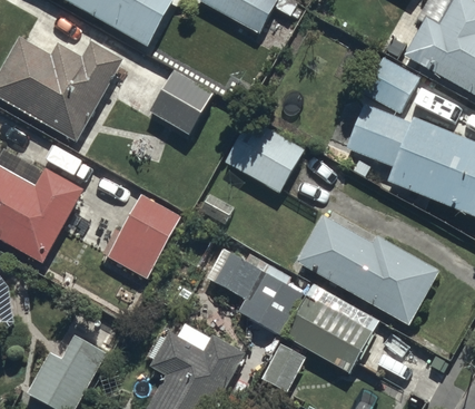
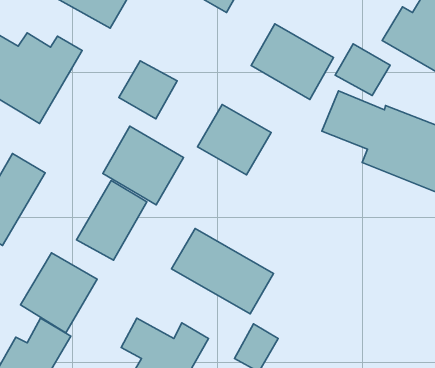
building: none -> [251,24,333,99]
building: none -> [103,126,183,205]
building: [304,216,436,319] -> none
building: none -> [21,253,97,333]
building: [291,292,373,363] -> none

